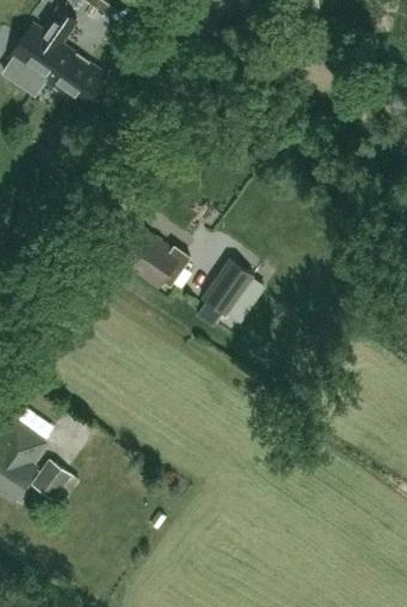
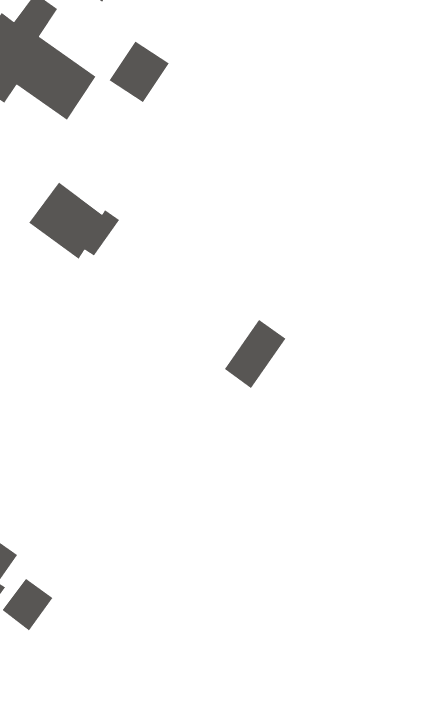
building: none -> [109,41,170,103]
building: [120,229,191,289] -> [28,182,120,260]

